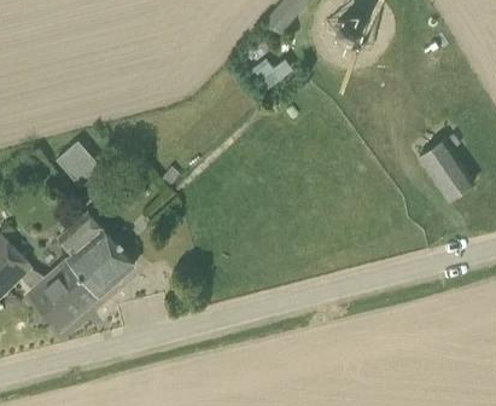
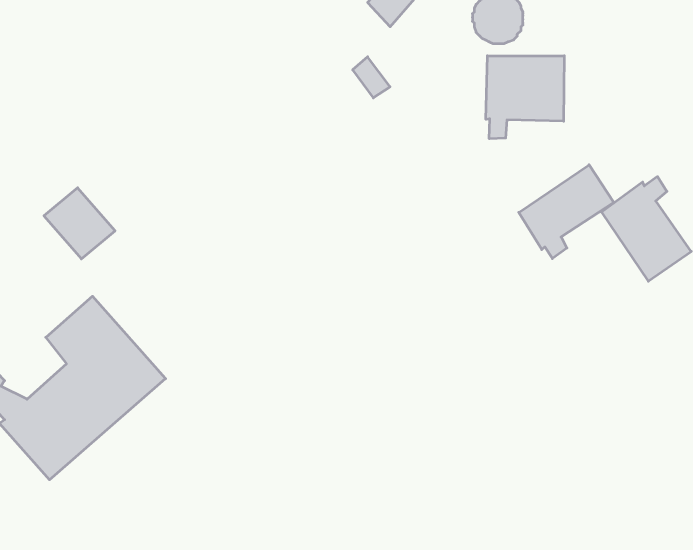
building: none -> [486,56,564,139]
building: none -> [519,165,614,259]

